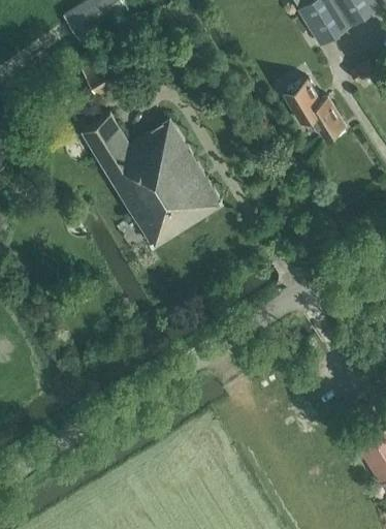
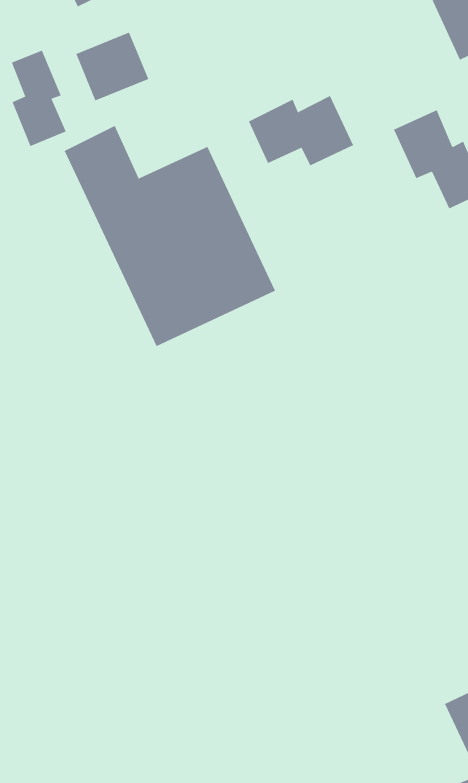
building: none -> [11,50,67,147]
building: none -> [248,95,354,166]

